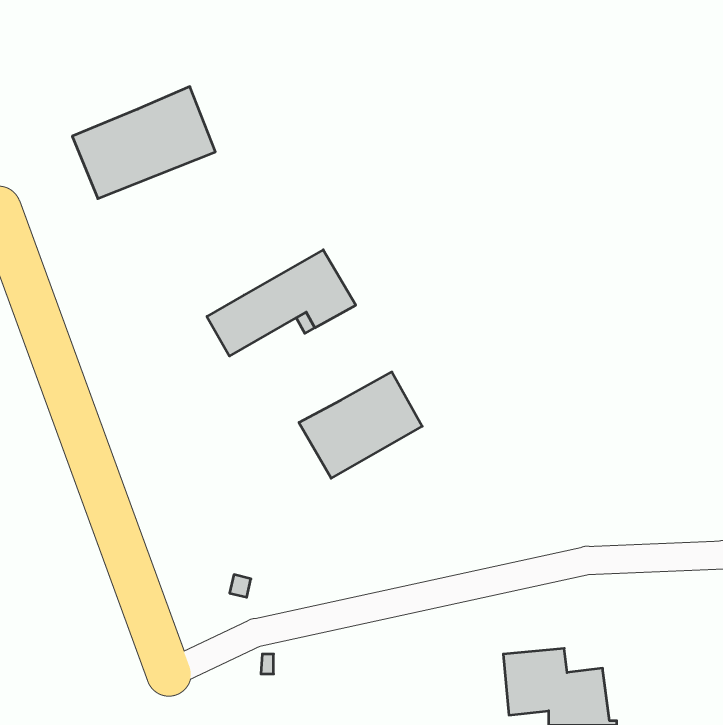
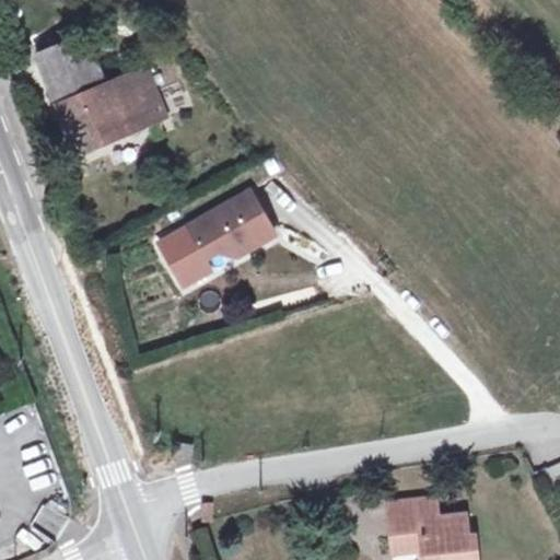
building: none -> [36,34,106,105]
building: [299,372,422,478] -> none

